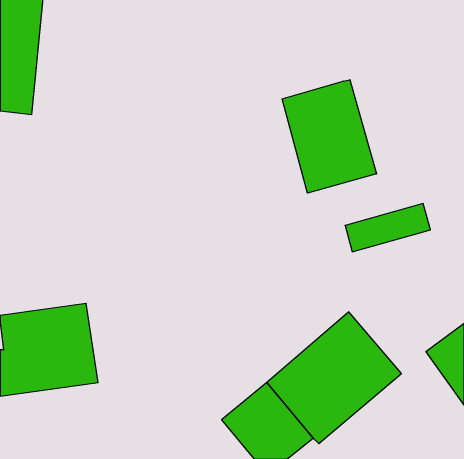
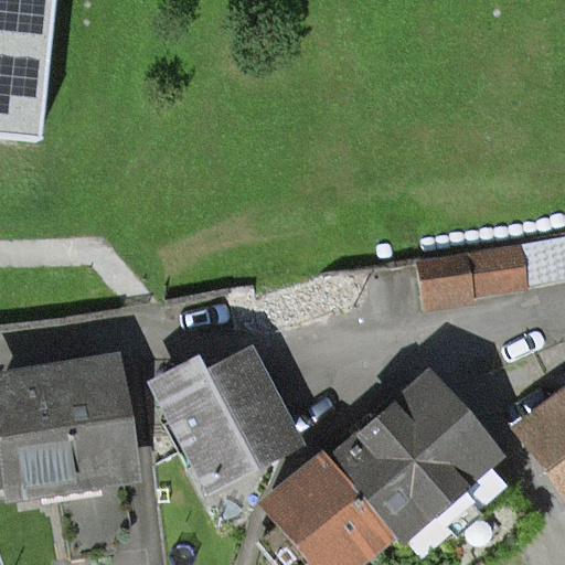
building: [282,80,377,193] -> none
building: none -> [157,356,286,480]

